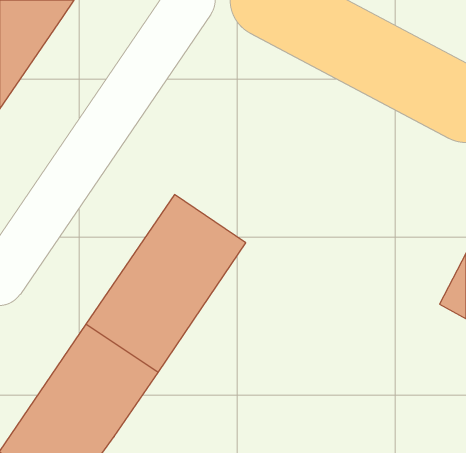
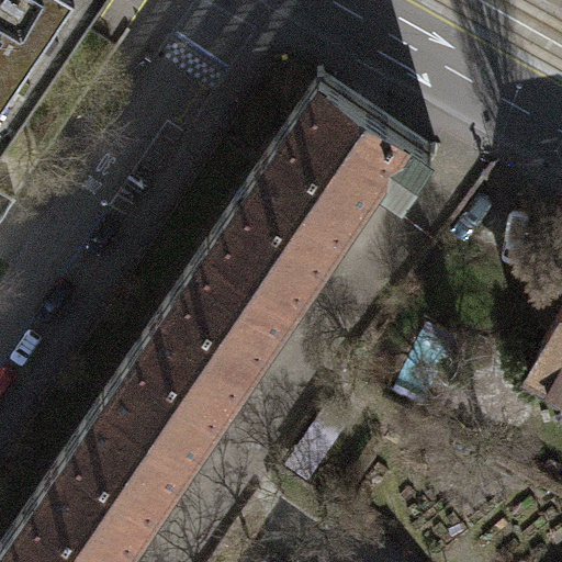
building: none -> [210,86,434,308]

